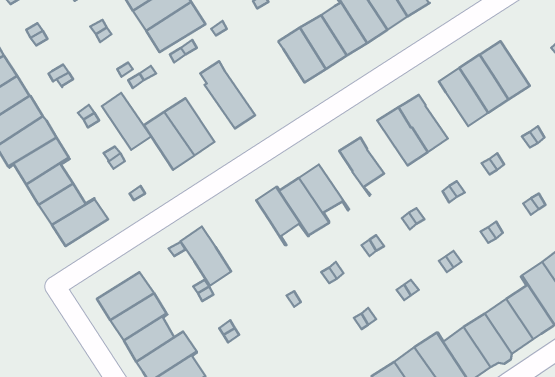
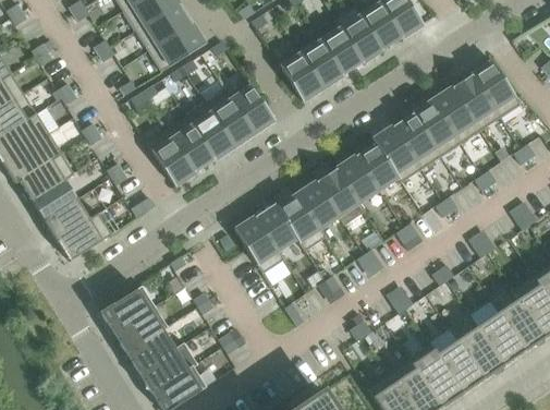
building: none -> [225,80,276,132]
building: none -> [414,99,462,155]
building: [102,93,151,150] -> [187,102,235,158]
building: none -> [357,137,403,189]
building: none -> [317,167,366,224]
building: [181,227,231,286] -> [235,215,284,273]

